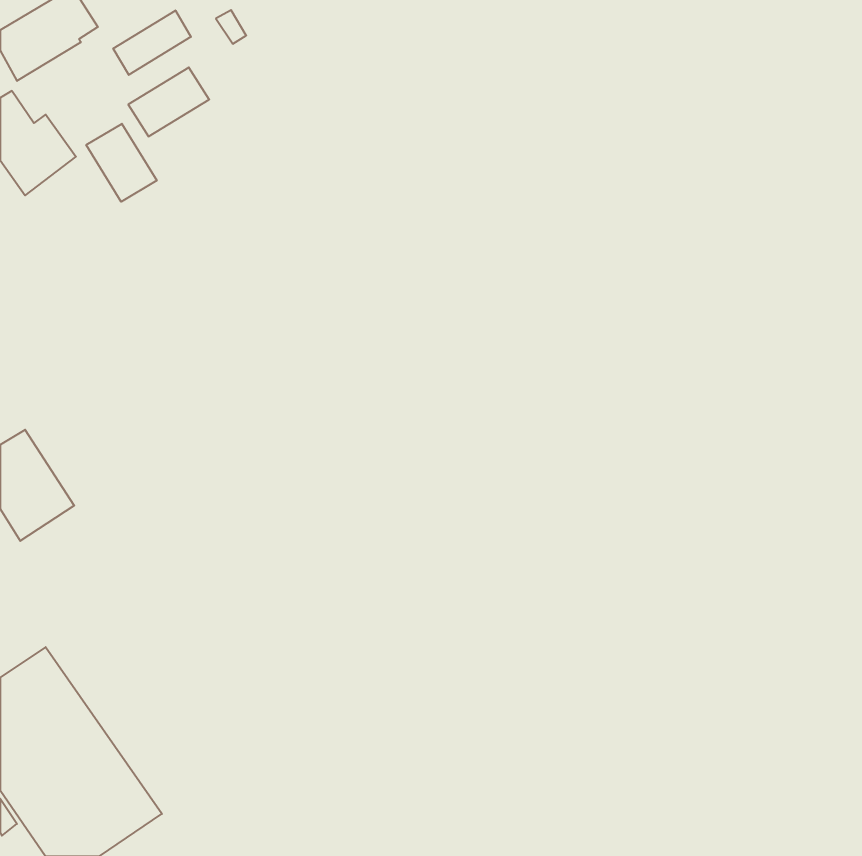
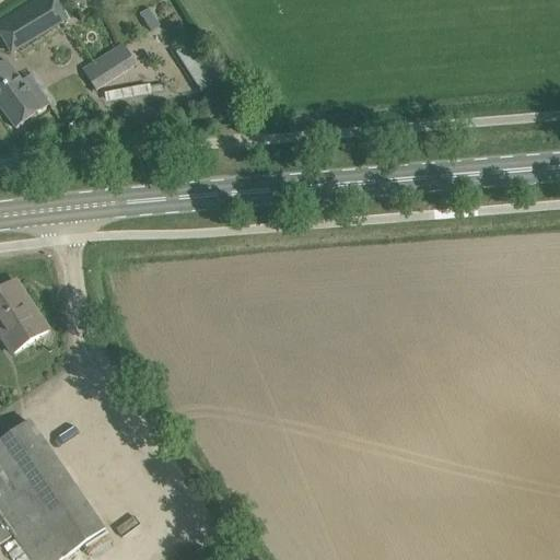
building: [113,10,191,75] -> none
building: [86,124,157,202] -> none

